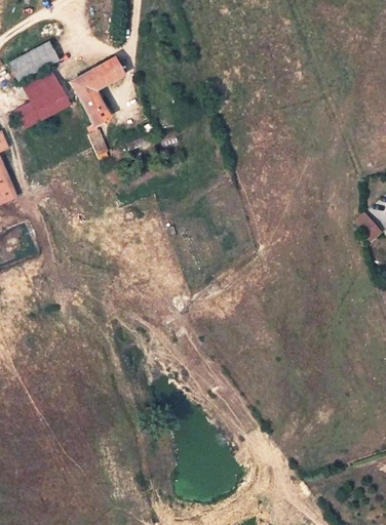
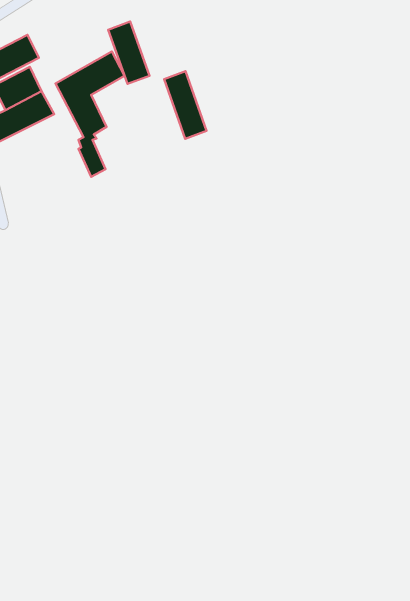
building: none -> [108,22,149,84]
building: none -> [164,71,206,139]

